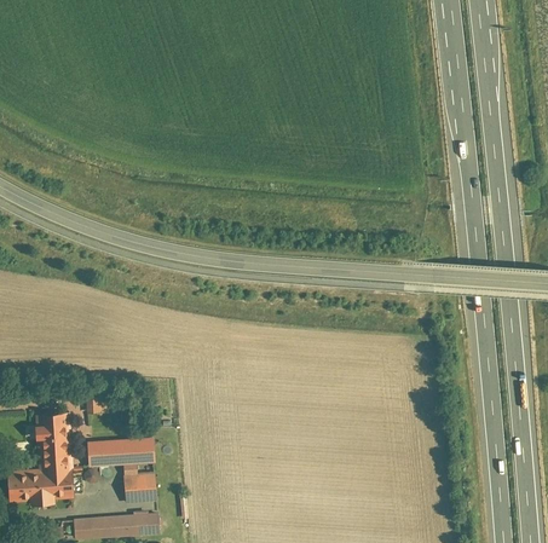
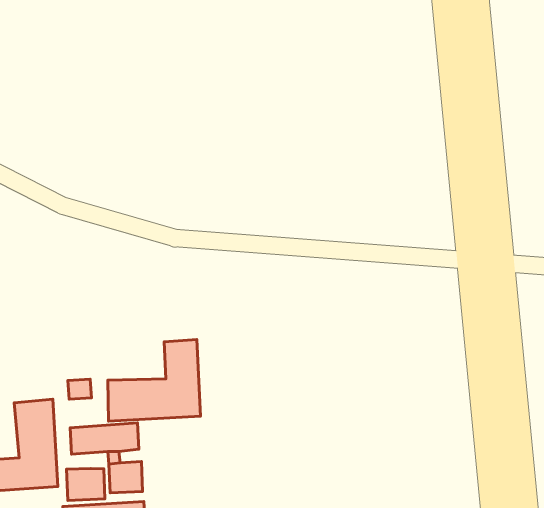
building: none -> [108,339,200,421]
building: none -> [67,468,105,501]

